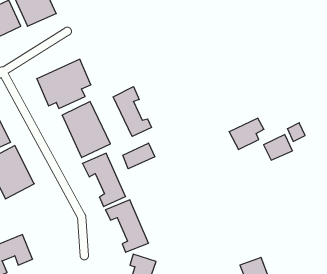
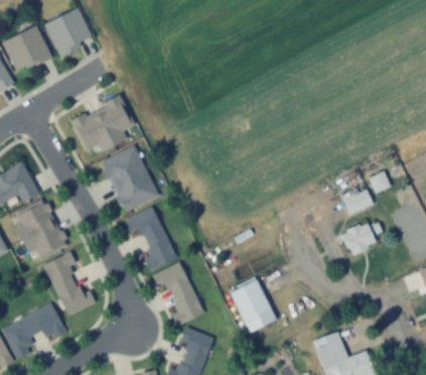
building: [113,87,151,136] -> none
building: [229,118,264,150] -> [341,219,383,256]
building: [123,143,155,169] -> none
building: none -> [44,253,95,316]
building: none -> [231,279,276,333]

